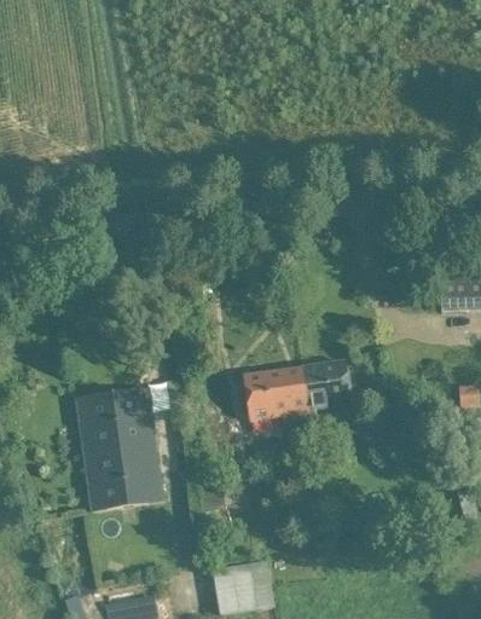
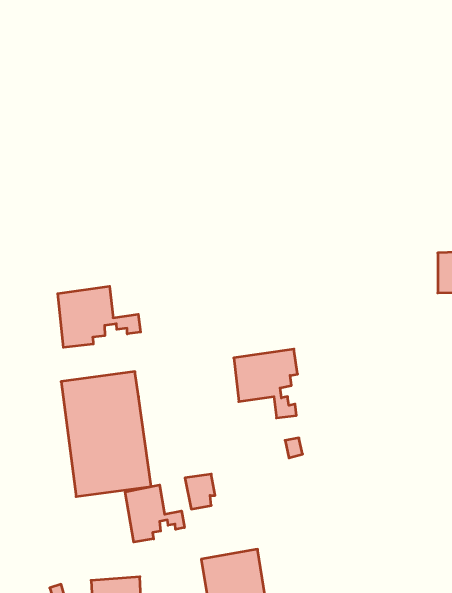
building: none -> [58,286,141,347]
building: [288,360,350,430] -> none
building: none -> [125,485,184,542]

